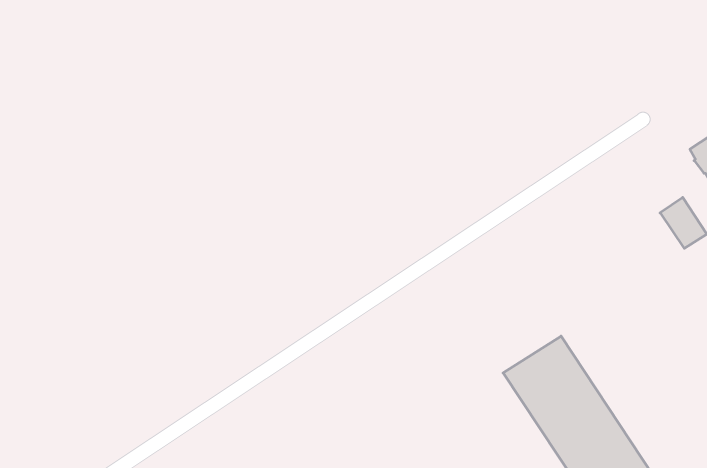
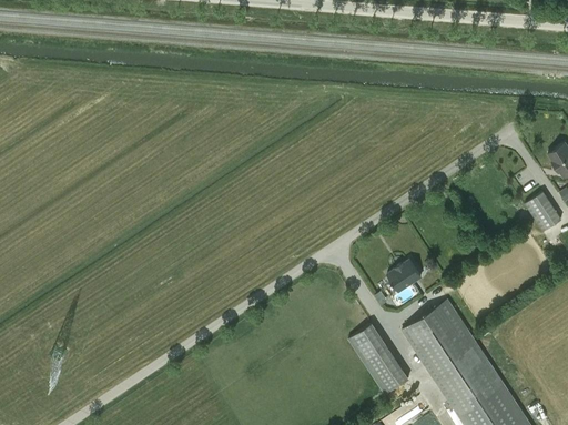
building: none -> [387,260,422,292]
building: none -> [348,324,408,395]

